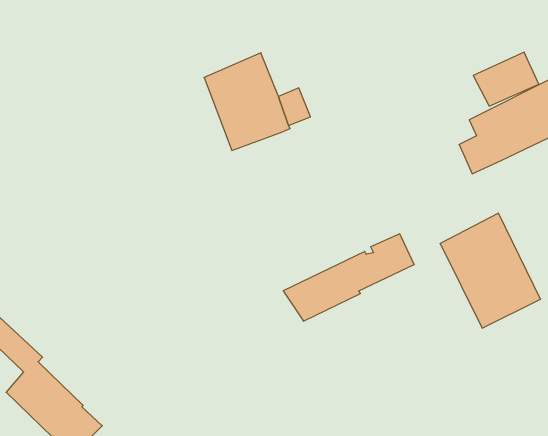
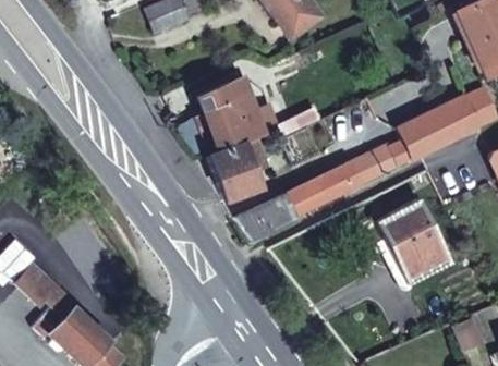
building: [473,52,539,106] -> [351,144,400,184]
building: none -> [208,137,266,199]
building: [283,234,414,321] -> [239,174,337,240]

